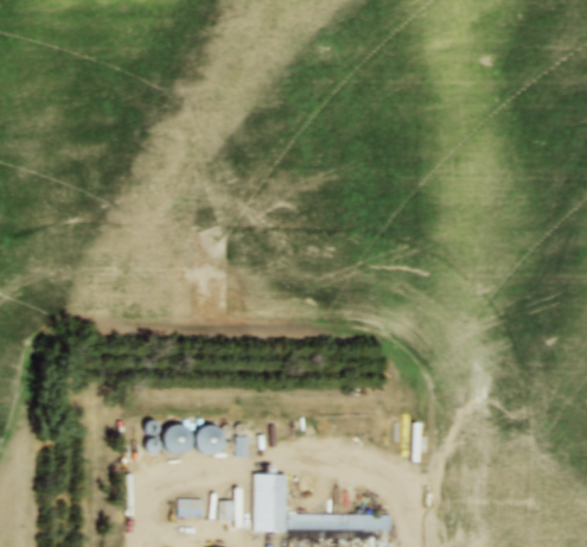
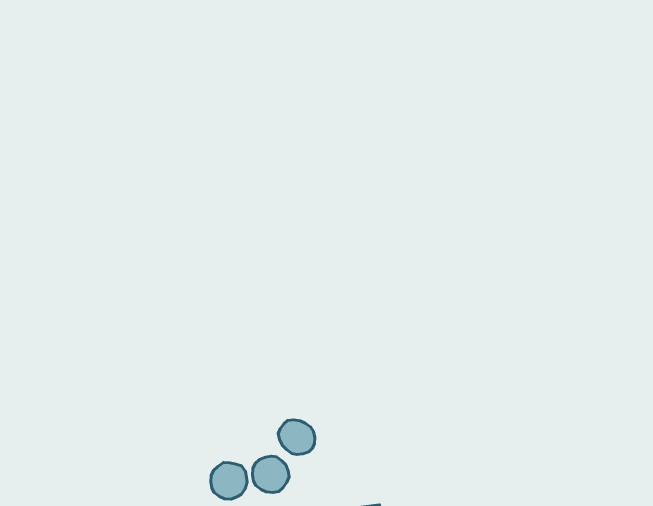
building: none -> [278,420,315,454]

